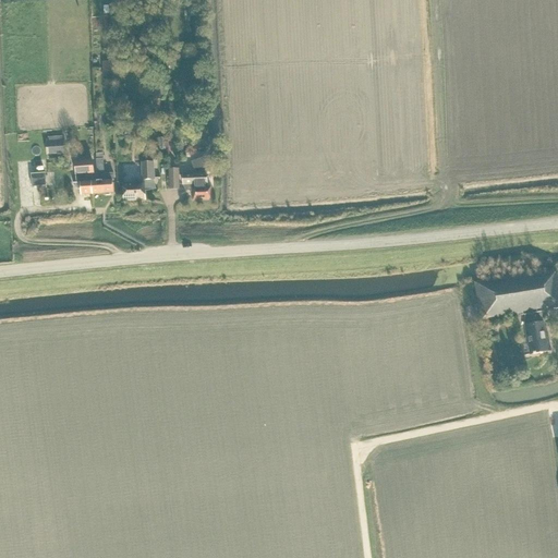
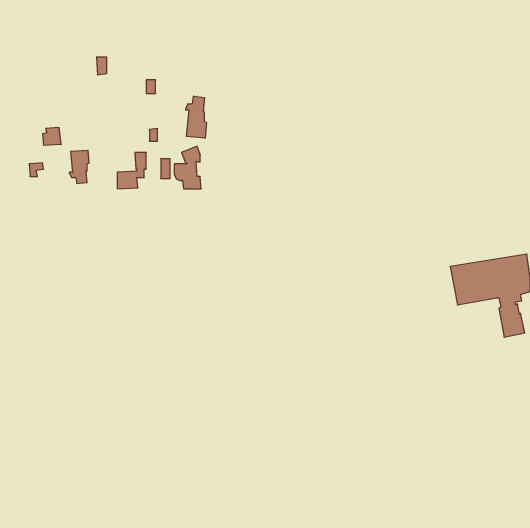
building: none -> [186,96,206,138]
building: [90,150,113,194] -> none

